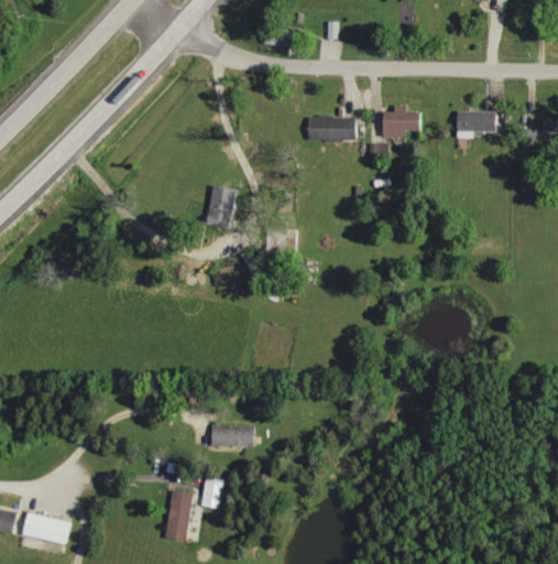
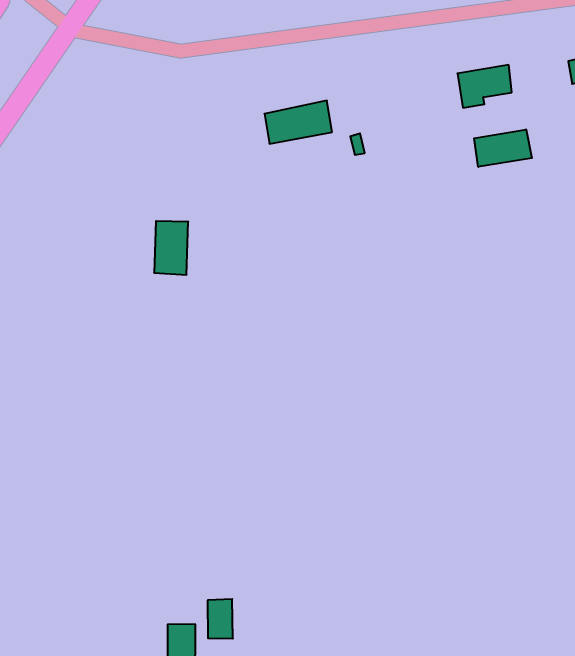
building: [383,106,420,137] -> none
building: none -> [474,129,532,167]
building: [211,424,254,446] -> none

